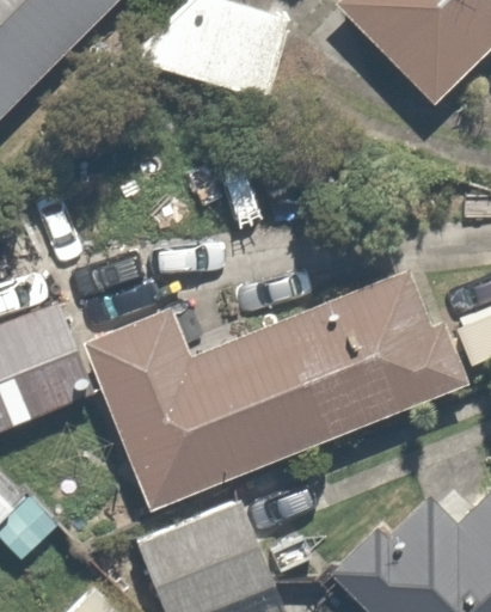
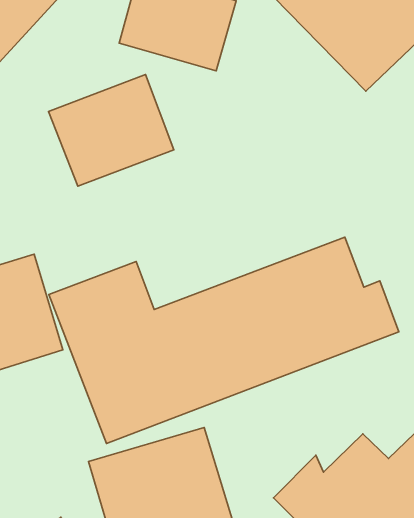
building: none -> [49,75,174,186]

